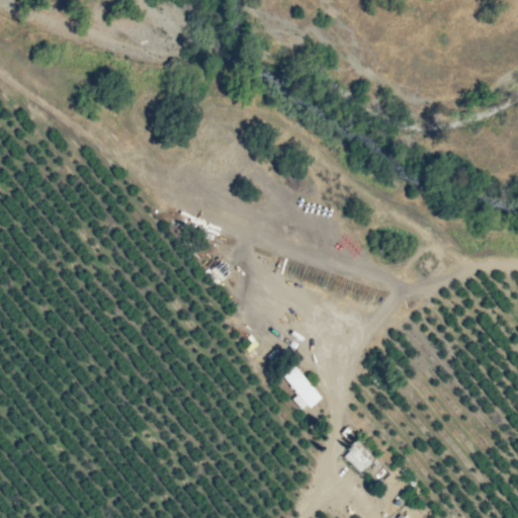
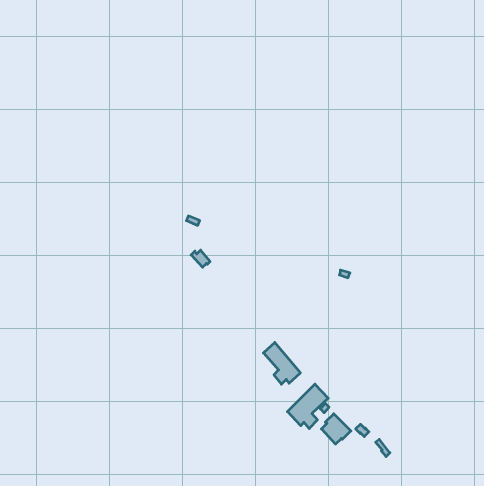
building: none -> [287,384,328,429]

